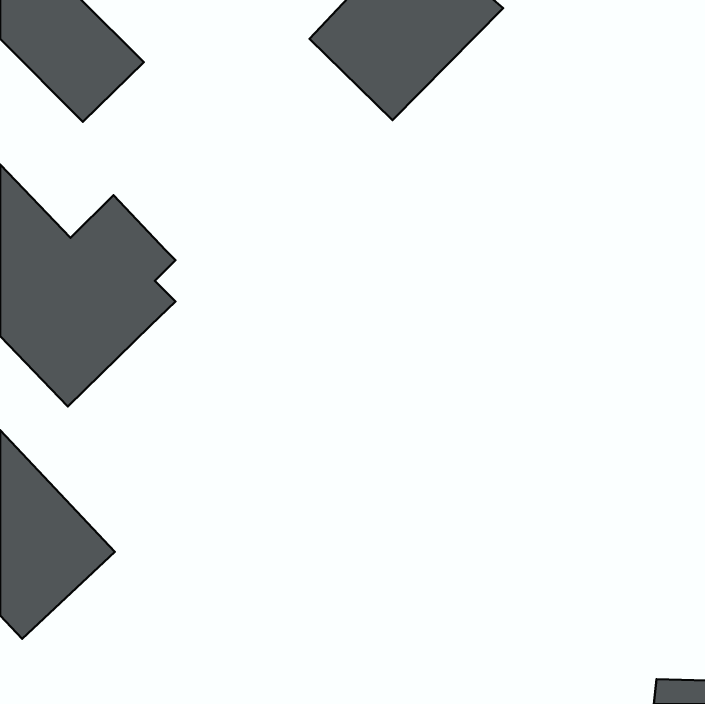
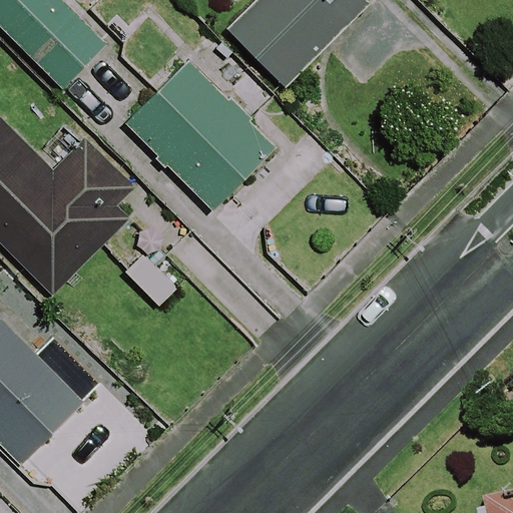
building: none -> [123,60,273,209]

